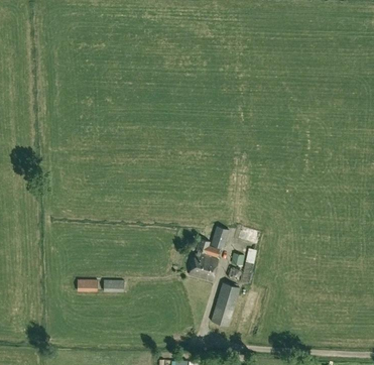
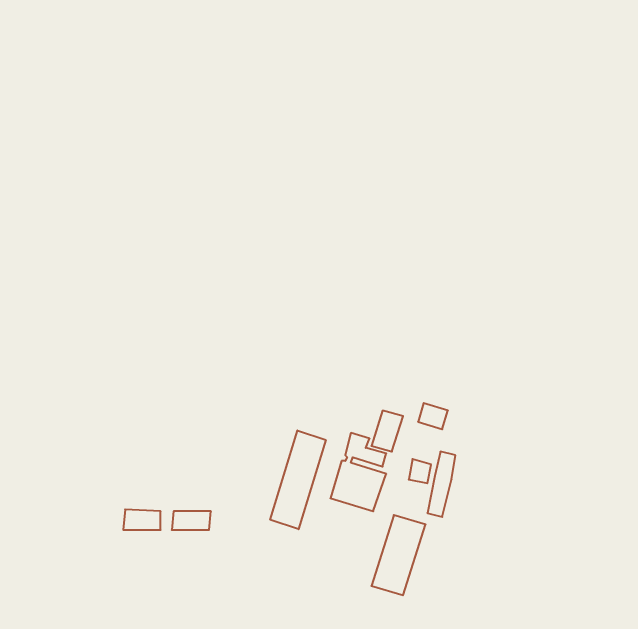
building: none -> [270,430,326,529]

